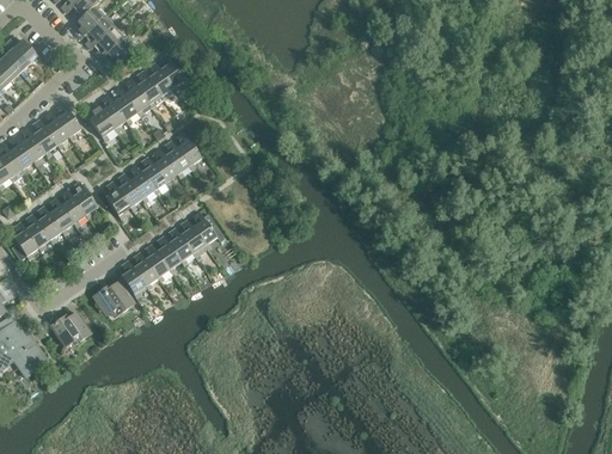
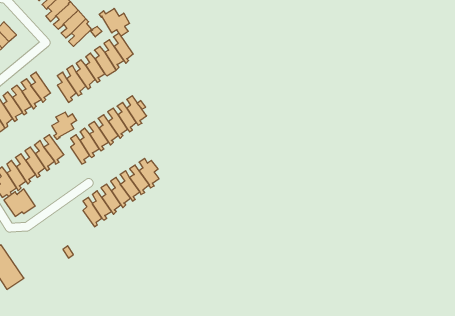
building: none -> [99,8,130,36]
building: none -> [52,112,77,139]
building: [92,282,133,314] -> none
building: [50,312,90,346] -> [4,189,35,216]

